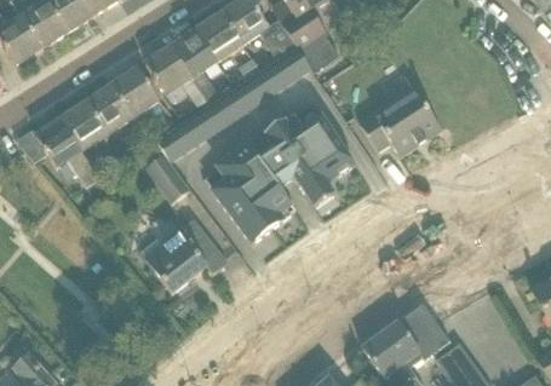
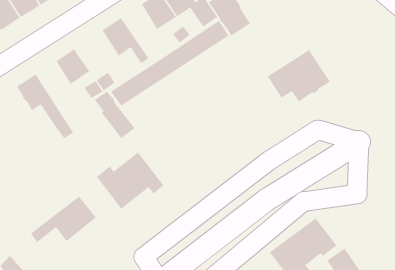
building: [171,28,217,98] -> none
building: [110,68,156,115] -> none
building: [61,102,117,175] -> none
building: [212,111,354,242] -> none
building: none -> [30,195,97,243]

